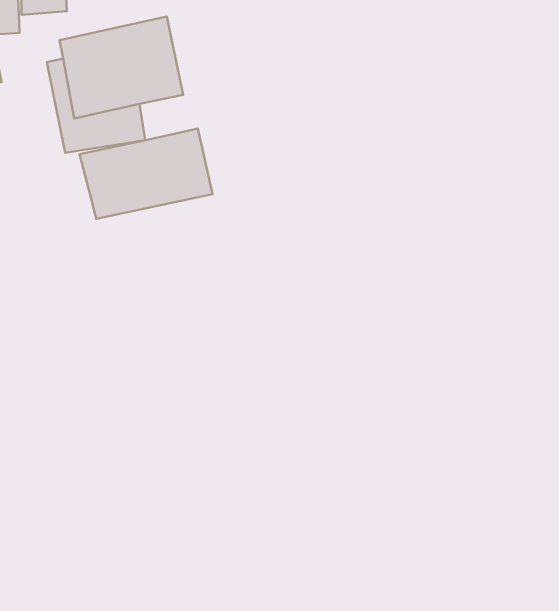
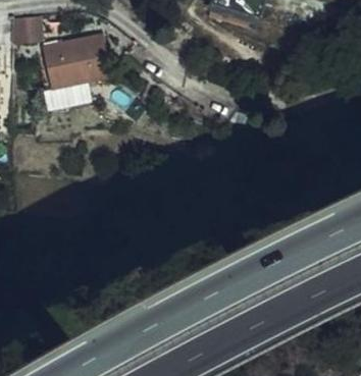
building: [79,128,213,219] -> none

